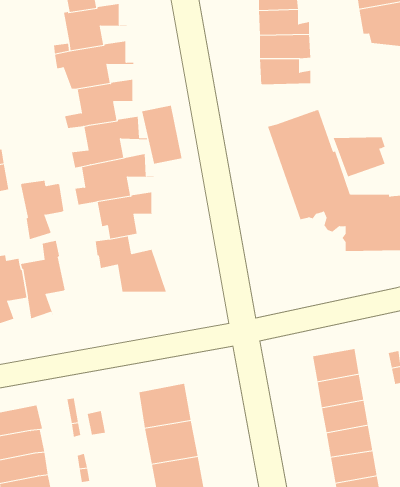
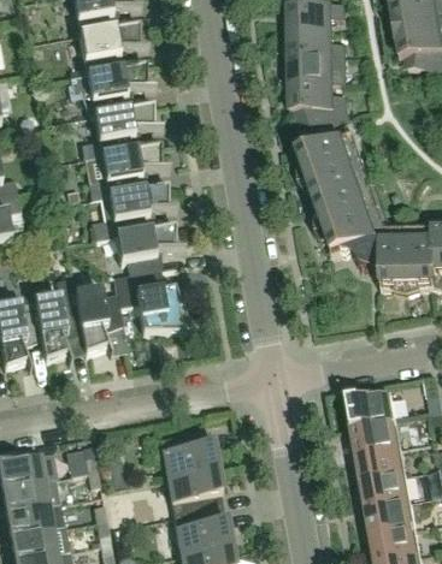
building: [142,105,182,165] -> none
building: [333,137,386,177] -> [291,109,348,153]
building: [20,180,66,241] -> [75,290,124,355]

